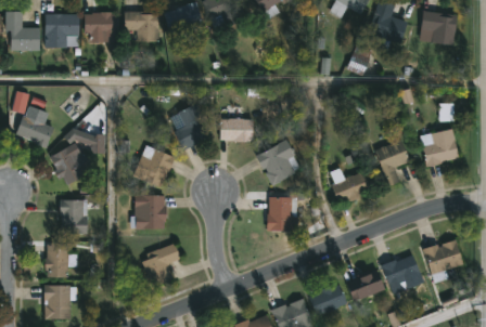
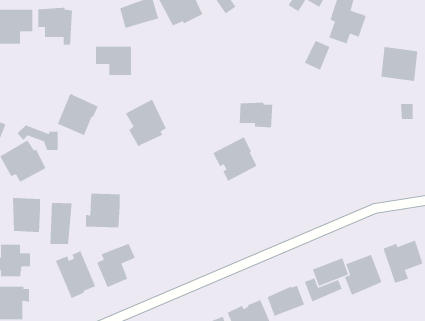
building: [420,10,457,44] -> [381,46,418,82]
building: [124,12,159,41] -> [95,46,132,76]
building: [220,117,254,143] -> [239,102,273,128]
building: [422,128,460,167] -> none
building: [373,140,410,191] -> none
building: [133,144,175,186] -> [57,93,99,136]
building: [330,168,368,207] -> none
building: [266,196,298,231] -> none
building: none -> [50,202,72,245]
building: none -> [55,250,96,299]

